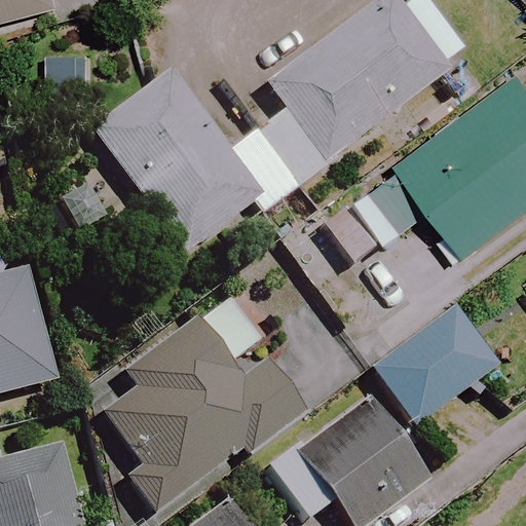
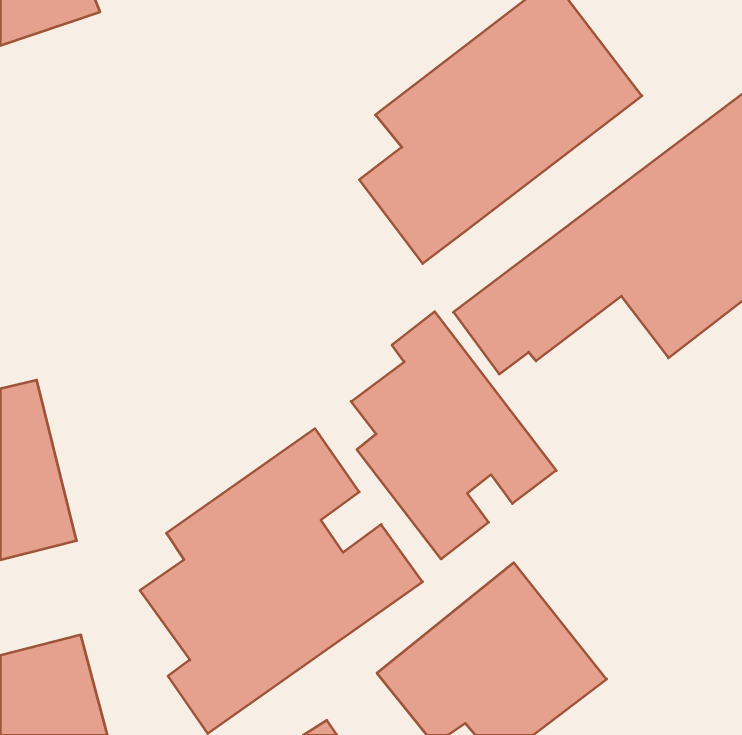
building: [87,67,302,253] -> none
building: none -> [351,312,556,559]
building: [372,304,498,423] -> none

